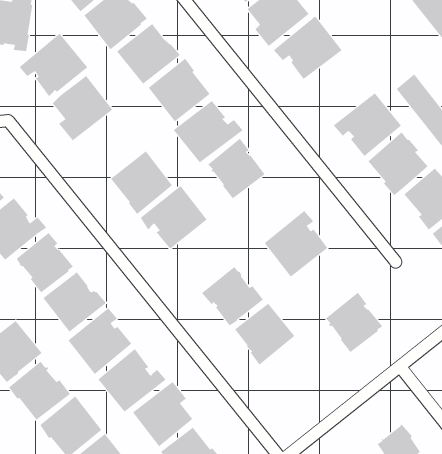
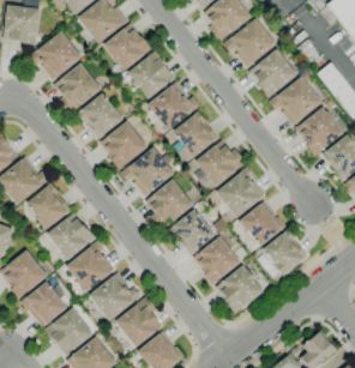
building: none -> [249,49,296,98]
building: none -> [77,93,124,139]
building: none -> [194,140,246,188]
building: none -> [145,180,193,230]
building: none -> [239,201,285,247]
building: none -> [215,266,263,314]

